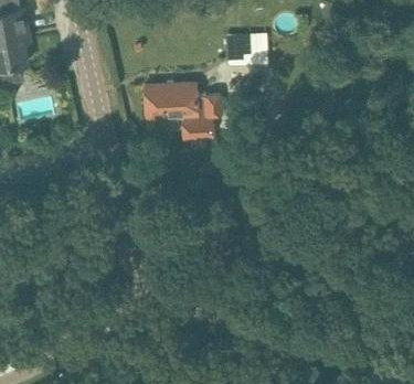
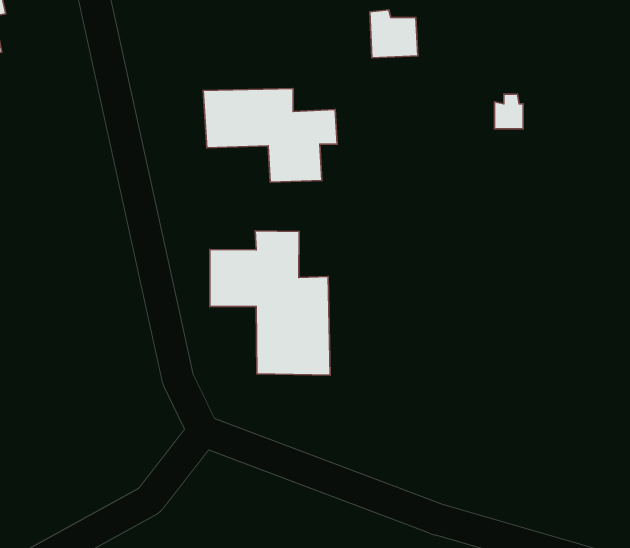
building: none -> [210,231,330,375]

